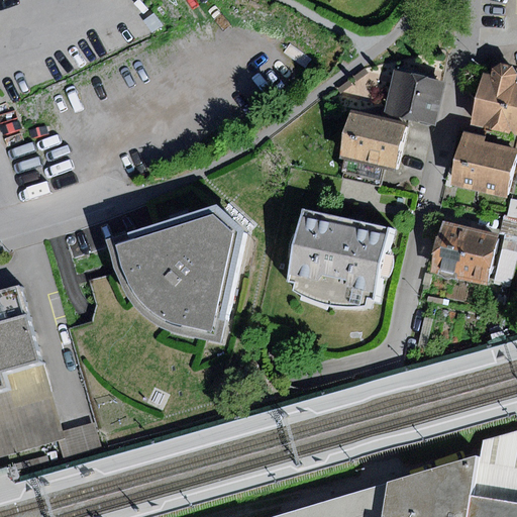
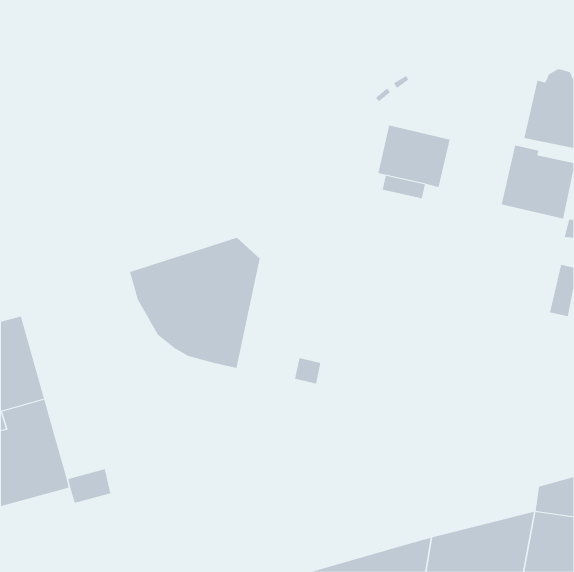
building: [384,66,446,124] -> none
building: [287,207,390,306] -> none
building: [431,221,498,284] -> none

